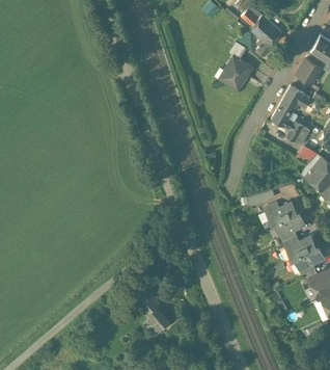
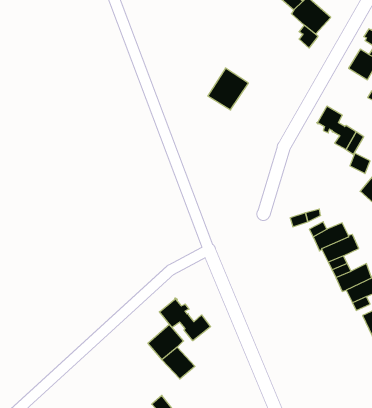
building: [219,56,252,90] -> [208,68,248,110]
building: [279,86,310,113] -> none
building: none -> [159,298,211,341]

